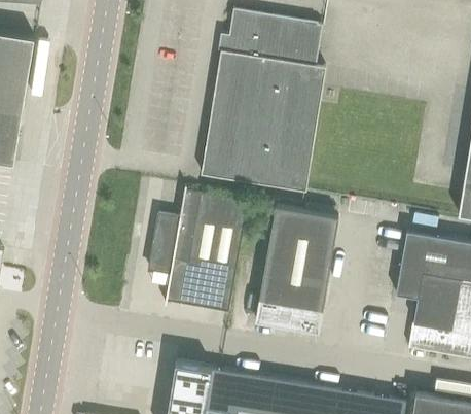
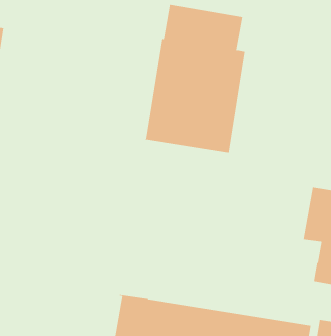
building: [149,186,248,311] -> none
building: [255,207,338,333] -> none

